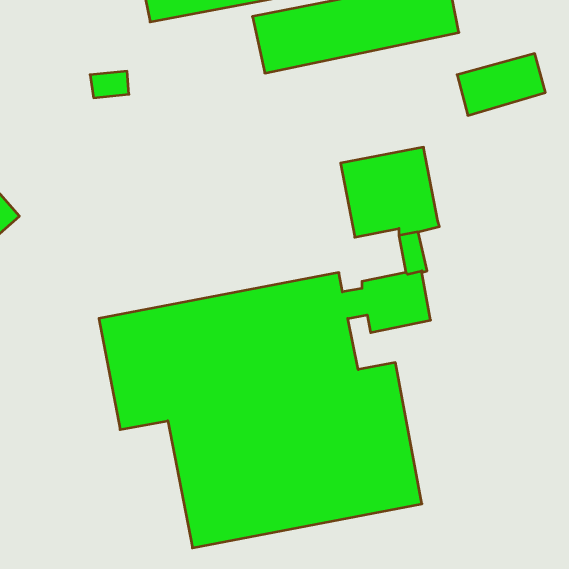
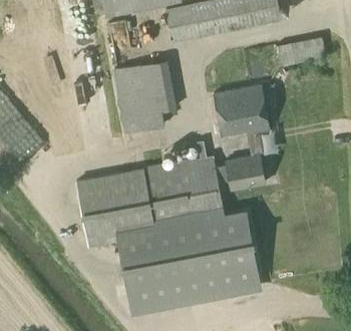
building: none -> [112,59,176,134]

